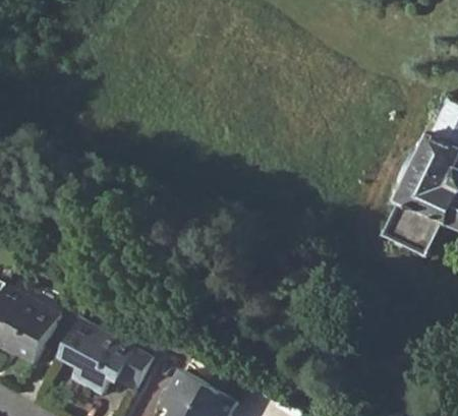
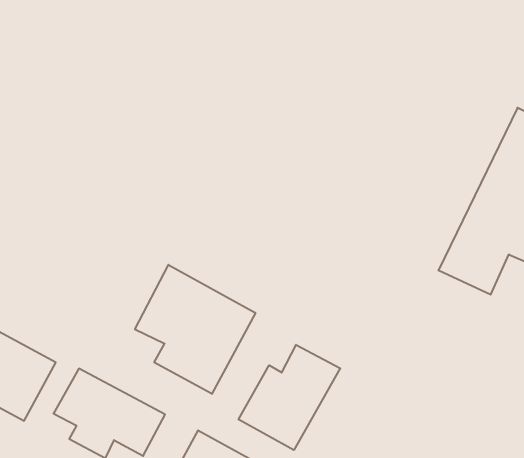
building: none -> [135,265,255,394]
building: none -> [239,345,340,450]

